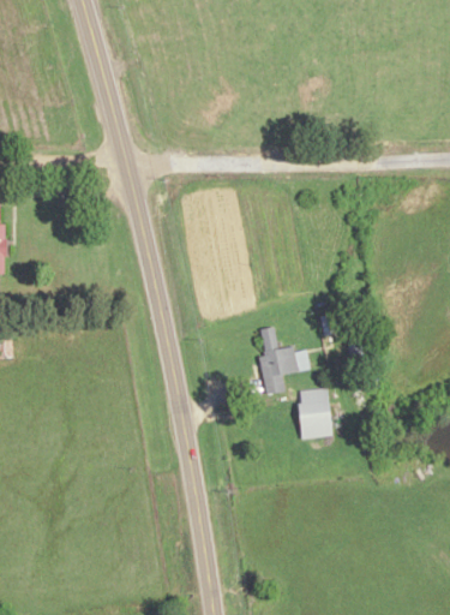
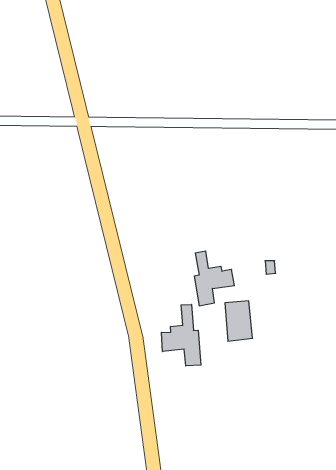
building: none -> [161,304,201,366]

